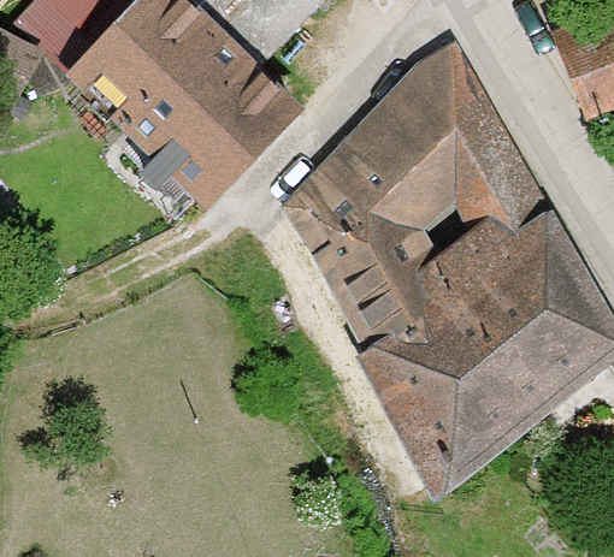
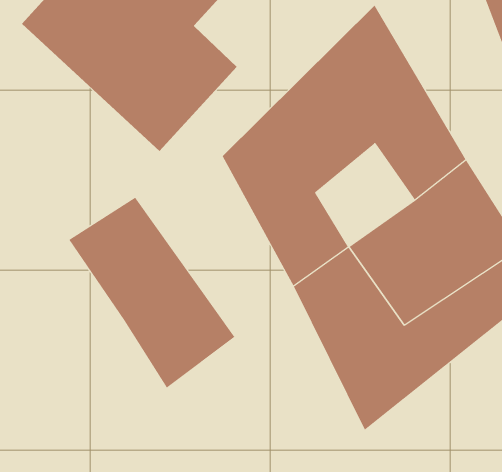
building: none -> [69,197,235,389]

